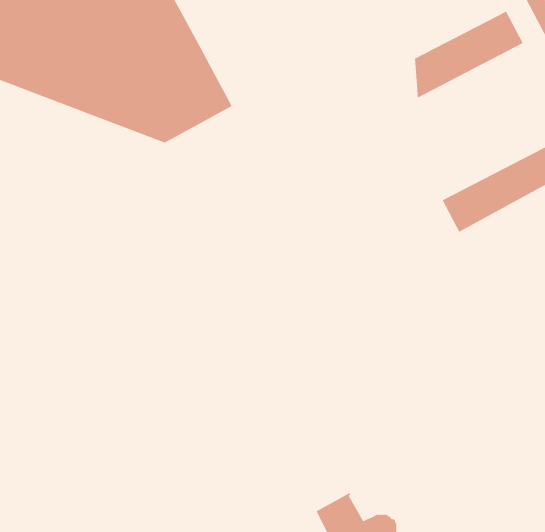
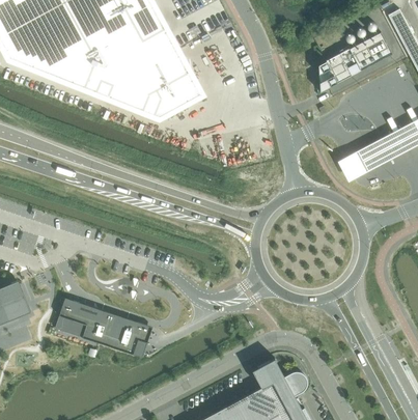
building: none -> [55,301,151,357]

